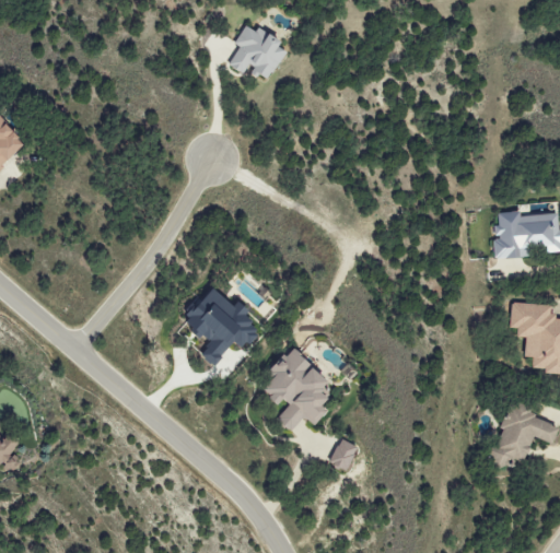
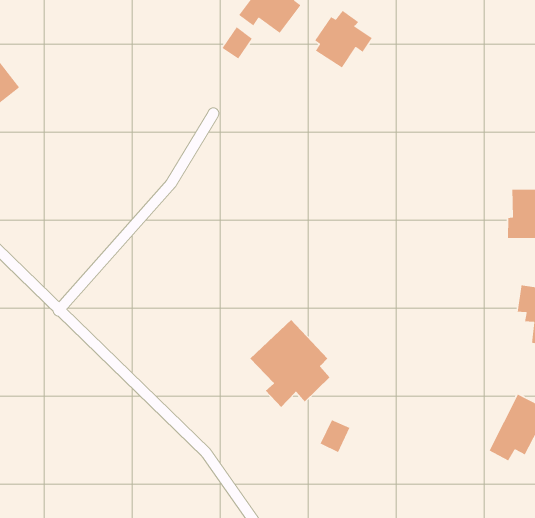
building: none -> [314,10,373,68]
building: none -> [221,26,253,60]
building: [184,286,260,364] -> none

